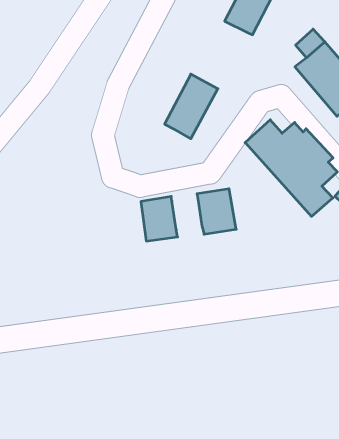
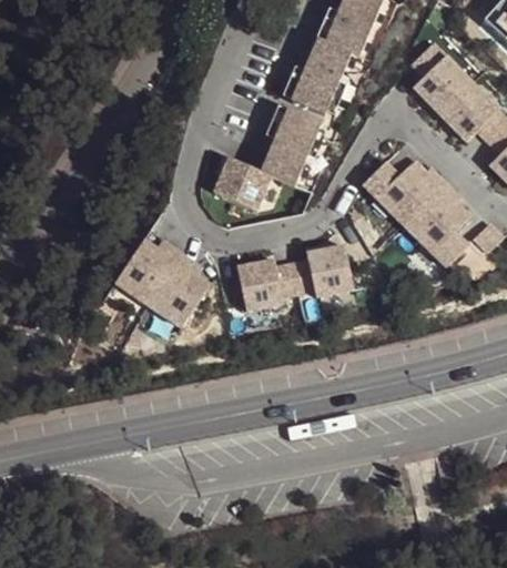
building: none -> [290,36,353,114]
building: none -> [214,154,272,203]
building: none -> [113,236,209,327]
building: none -> [275,254,314,296]

